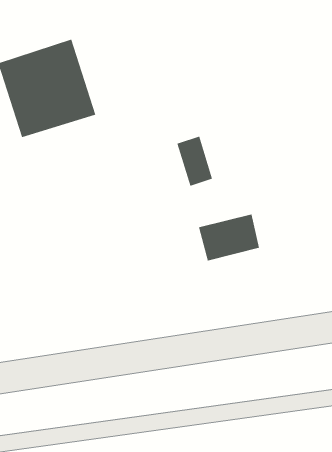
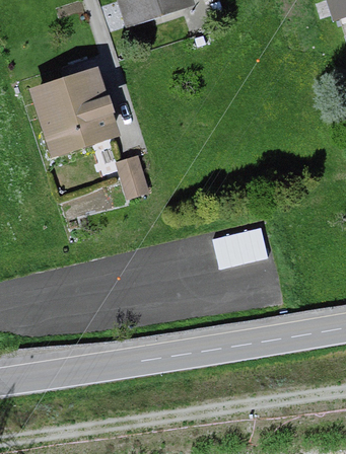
building: [177,136,213,186] -> [116,155,149,202]

